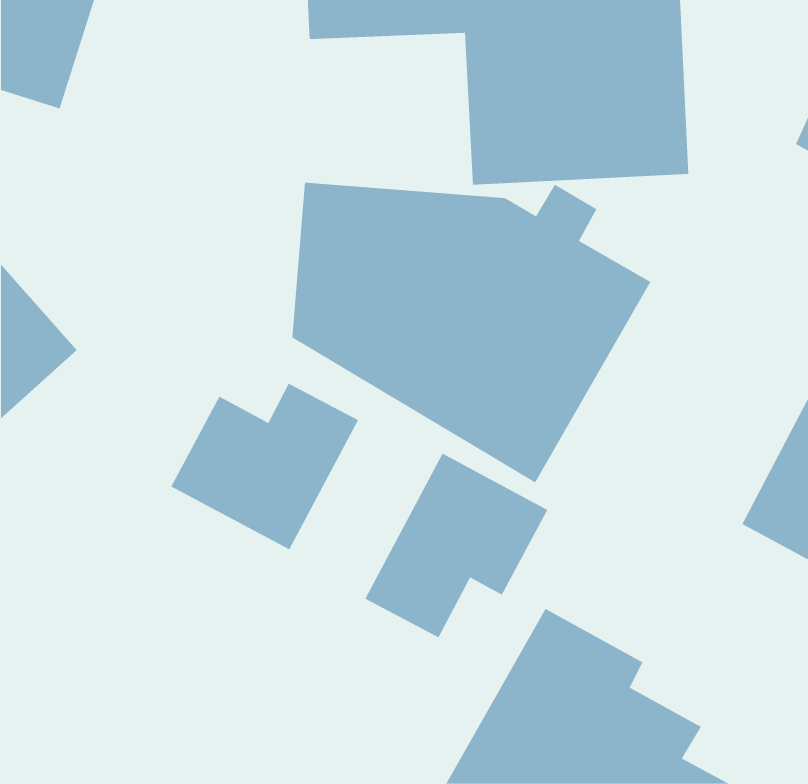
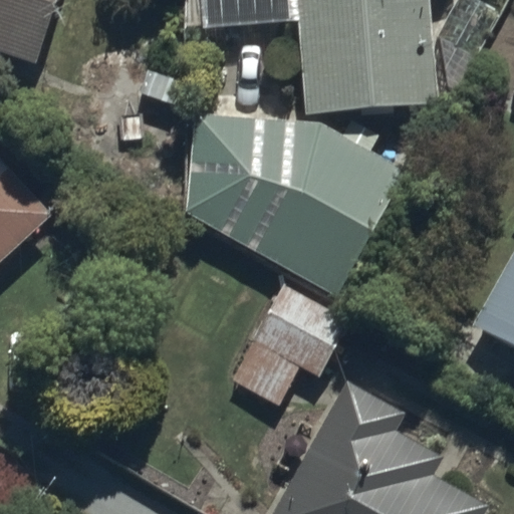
building: [171,383,359,550] -> none

